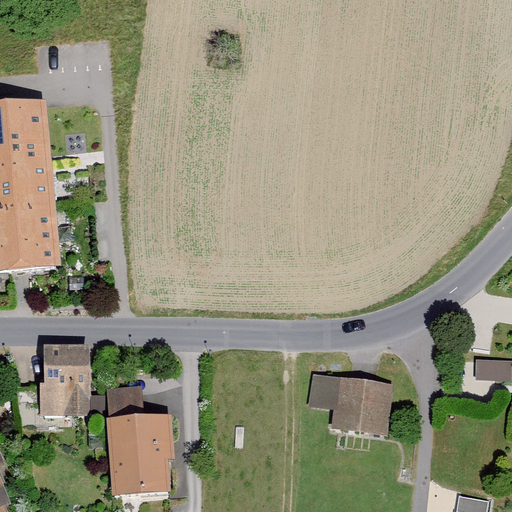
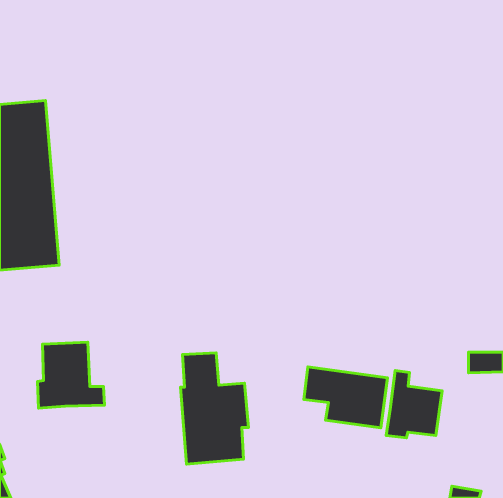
building: none -> [386,370,442,438]
building: [105,385,174,498] -> [181,353,249,464]

